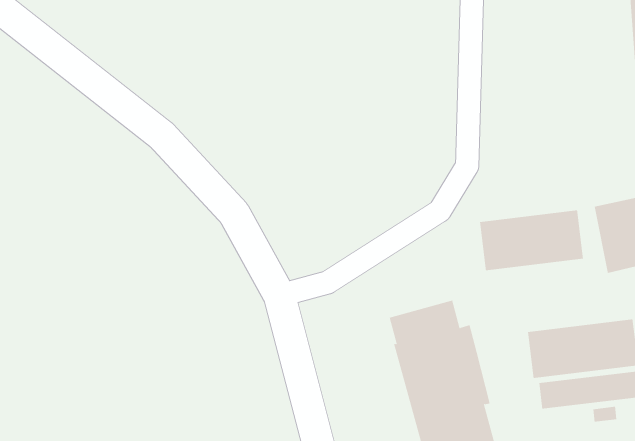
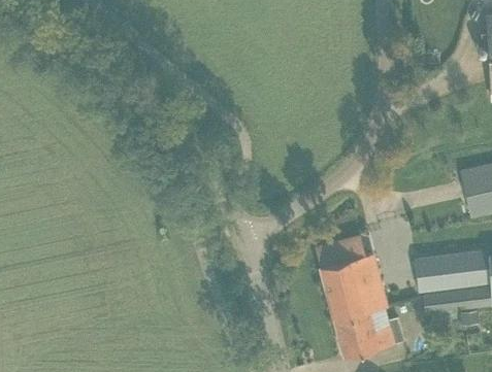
building: [480,210,584,271] -> none

